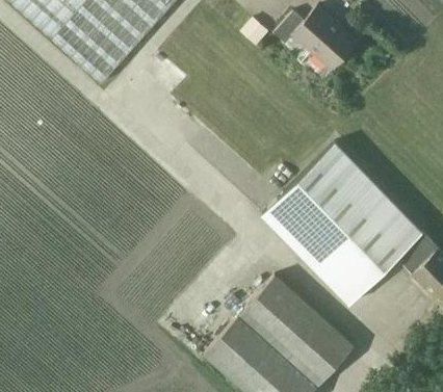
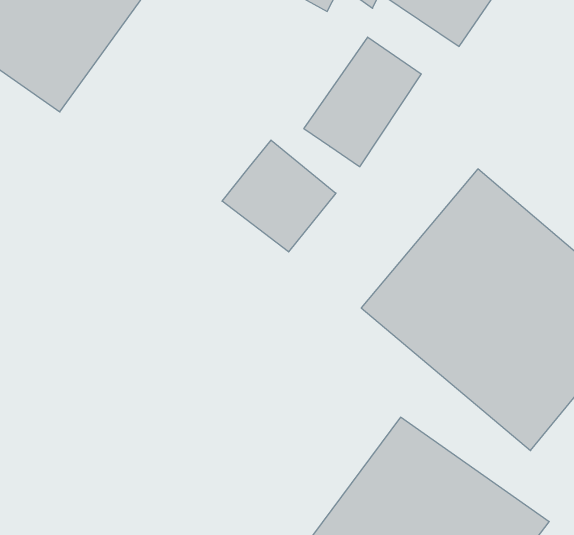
building: none -> [304,37,421,167]
building: none -> [222,140,336,252]

